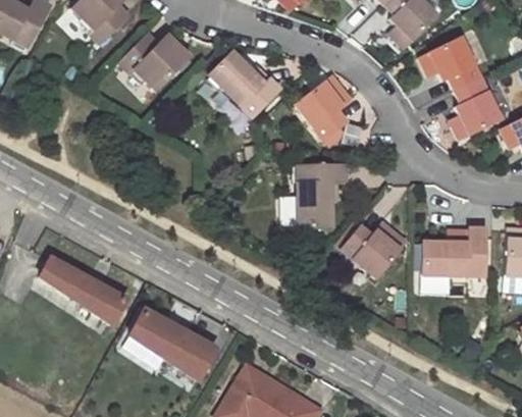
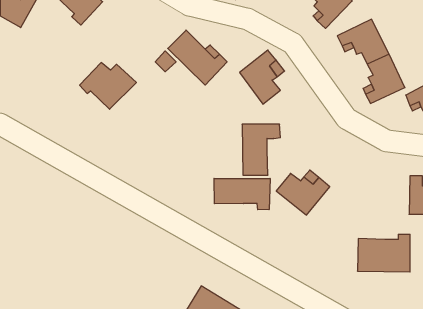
building: [121,35,191,92] -> [80,63,136,109]
building: [420,229,484,275] -> [357,234,410,272]
building: none -> [214,178,270,210]
building: [42,258,127,324] -> none
building: [132,309,217,379] -> none

